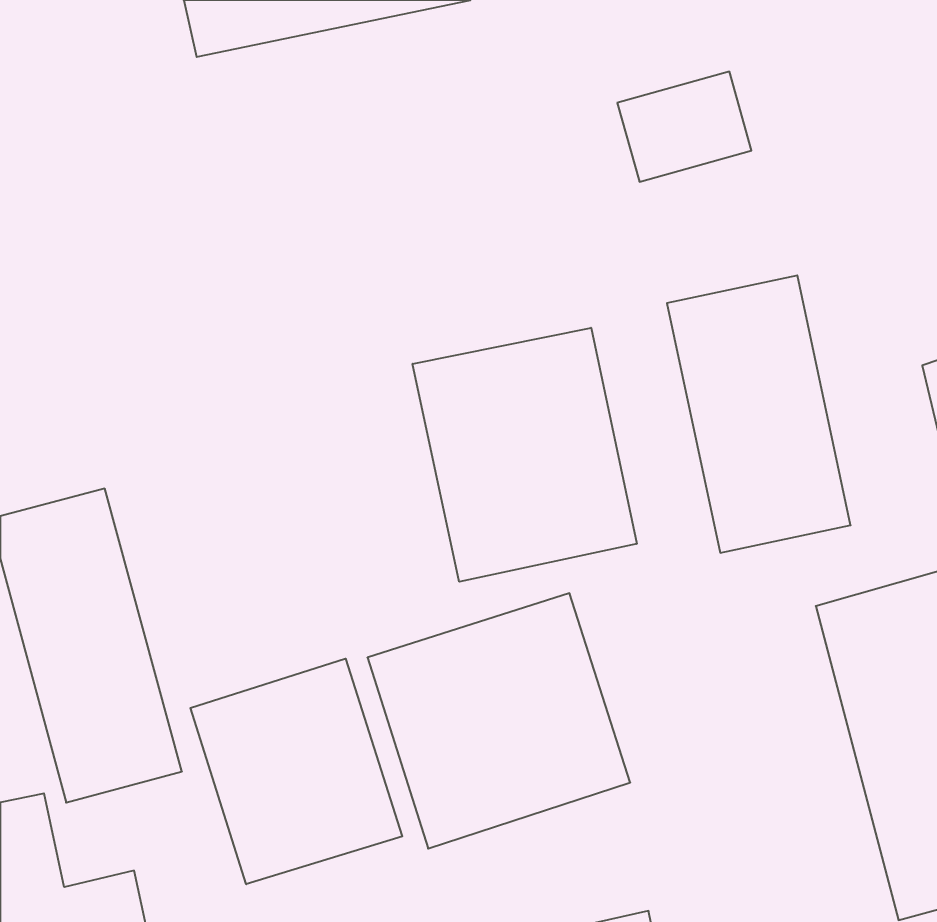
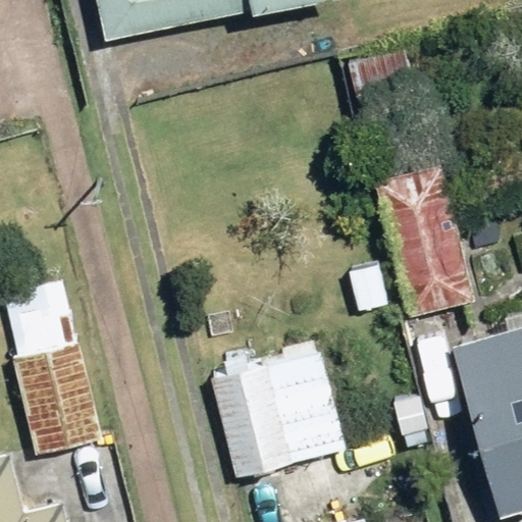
building: [413,328,637,582] -> none
building: [190,659,402,884] -> none

